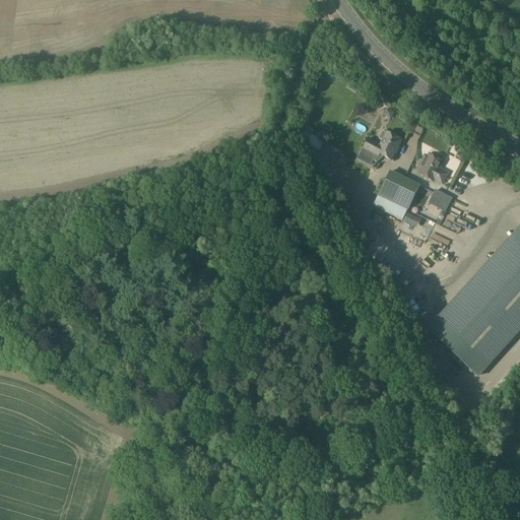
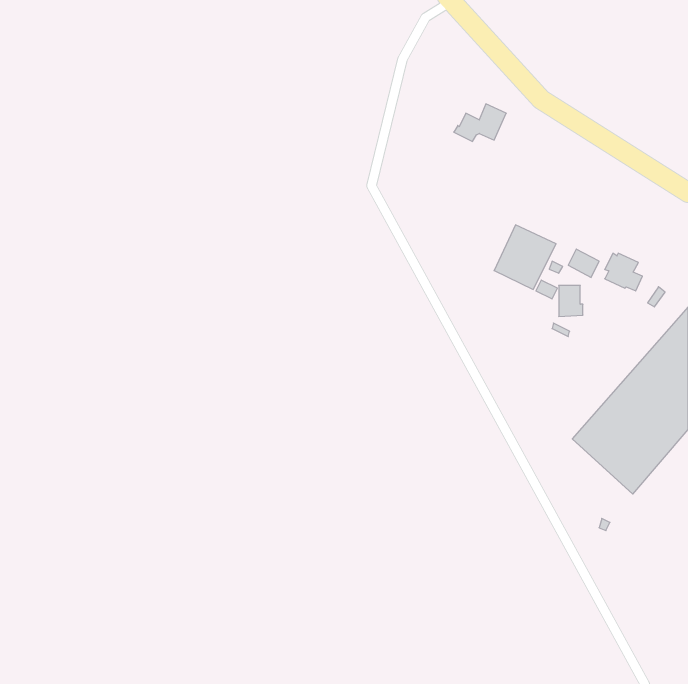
building: [362,131,401,159] -> [454,104,506,141]
building: [418,152,447,181] -> [605,253,642,291]

